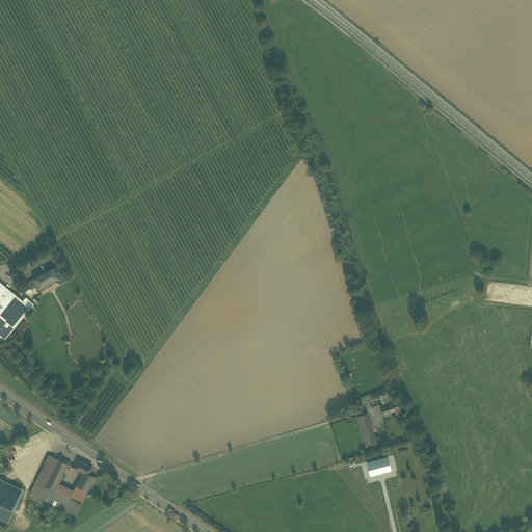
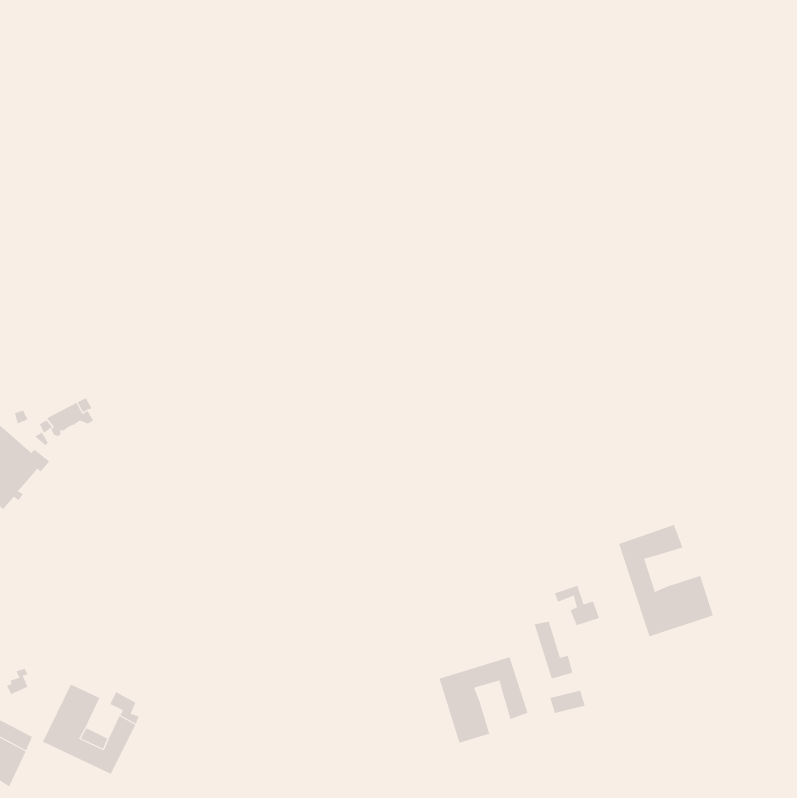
building: none -> [618,524,714,637]
building: none -> [439,657,528,743]

